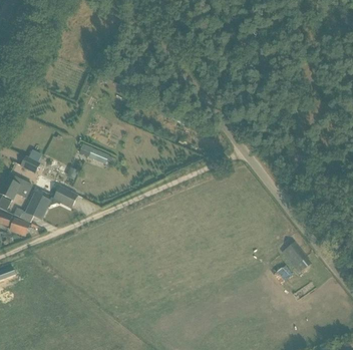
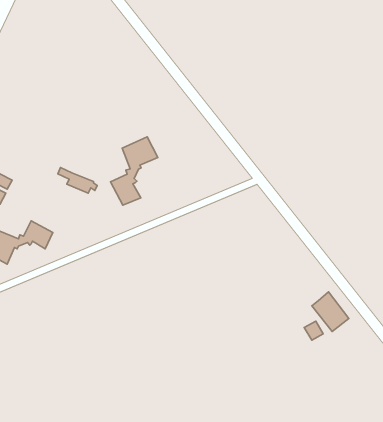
building: none -> [111,137,158,205]

